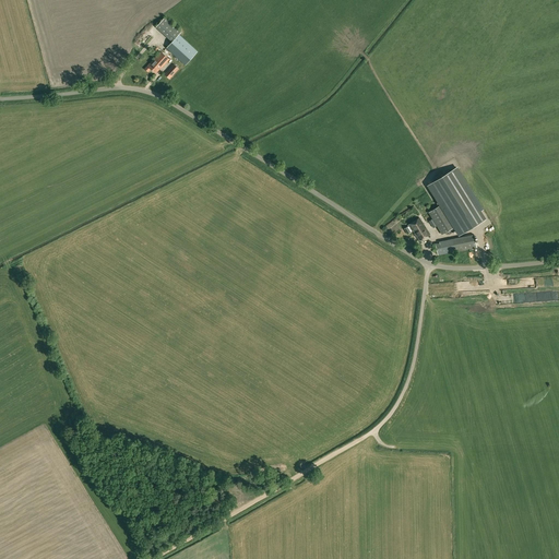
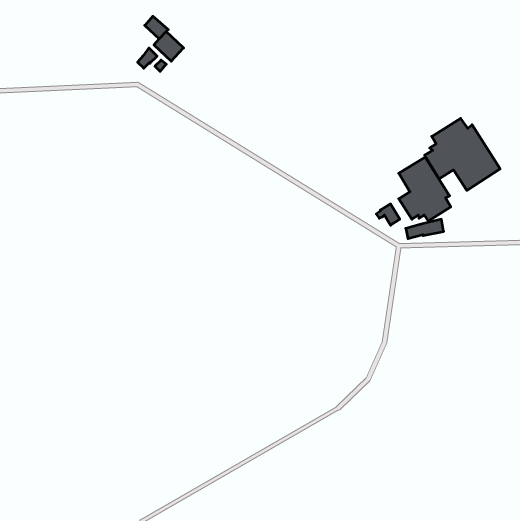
building: none -> [425,118,500,190]

